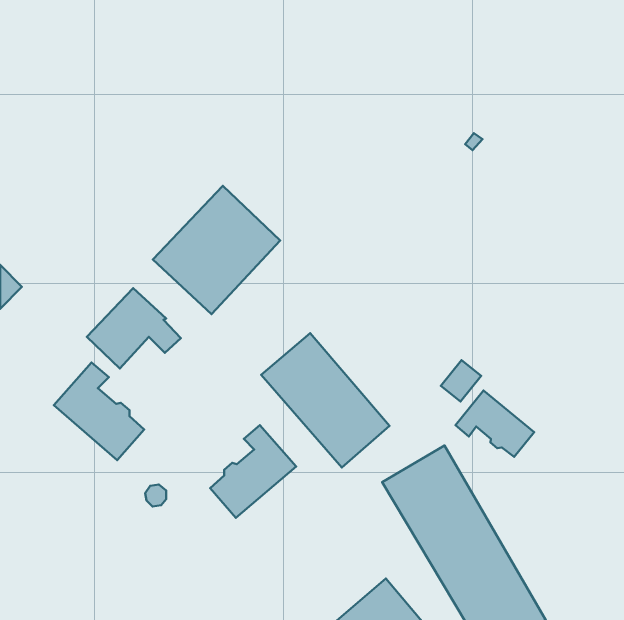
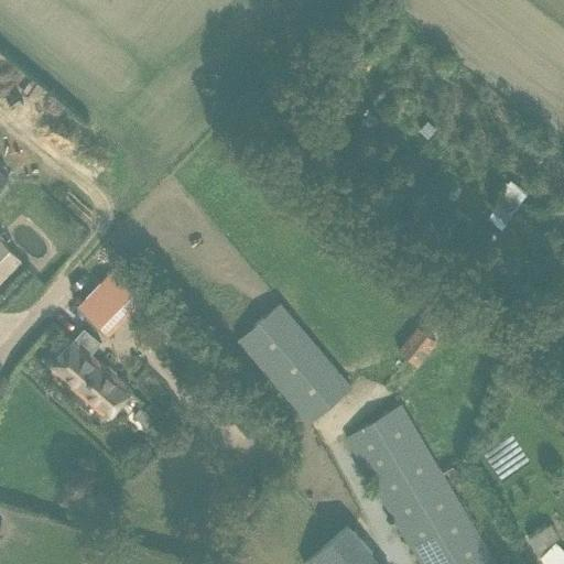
building: [153,186,280,314] -> none
building: [455,391,534,457] -> none
building: [210,425,296,518] -> none

